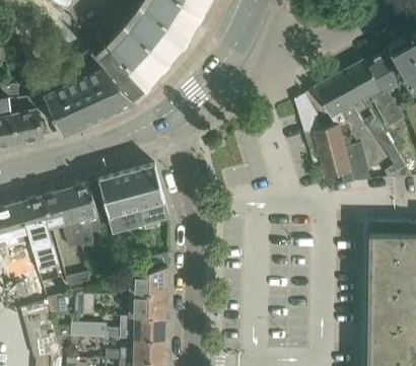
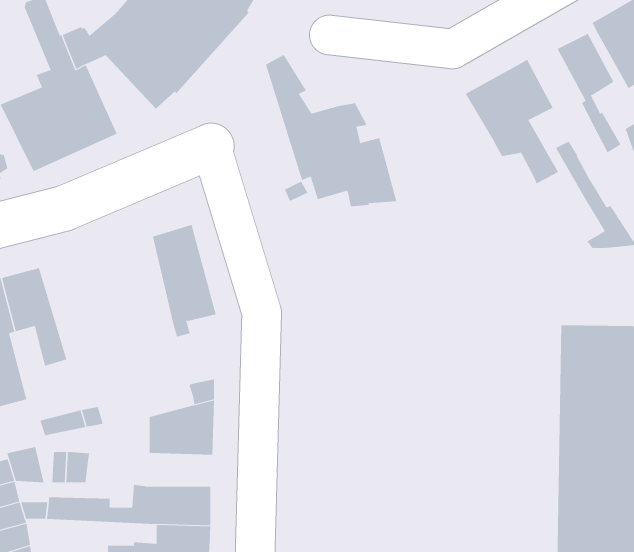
building: [350,59,397,128] -> none
building: [92,66,135,112] -> none
building: [293,94,370,184] -> [265,54,397,207]
building: [98,171,143,232] -> none
building: [65,182,102,243] -> none
building: [128,298,166,317] -> none

